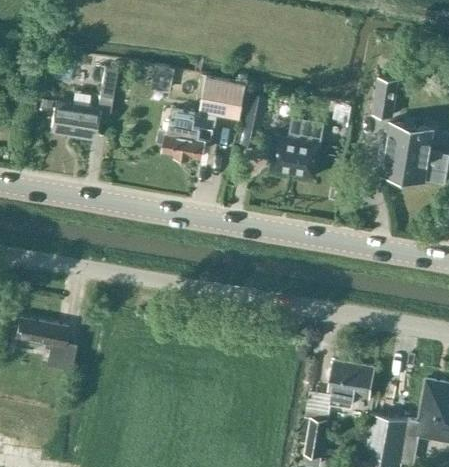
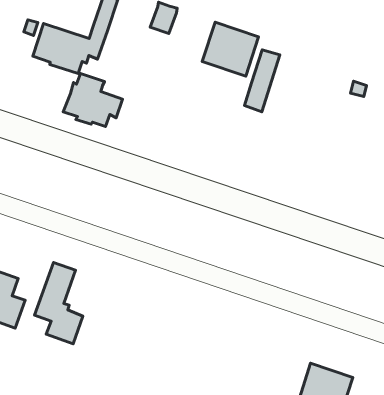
building: [163,111,213,154] -> [63,73,122,126]
building: [270,118,324,178] -> none
building: none -> [35,262,83,344]

